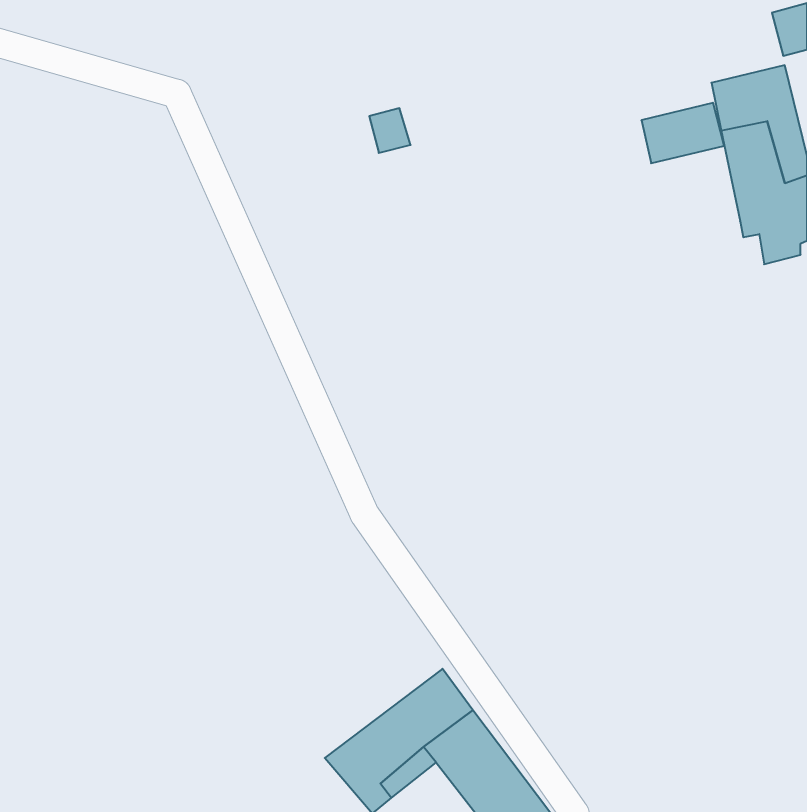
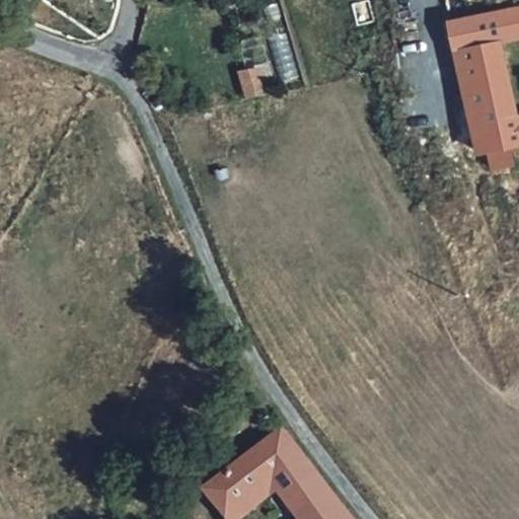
building: [641,103,724,163] -> [446,9,499,48]

